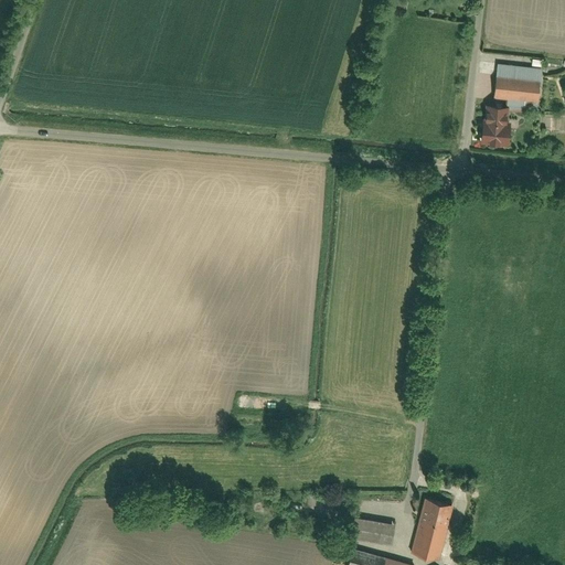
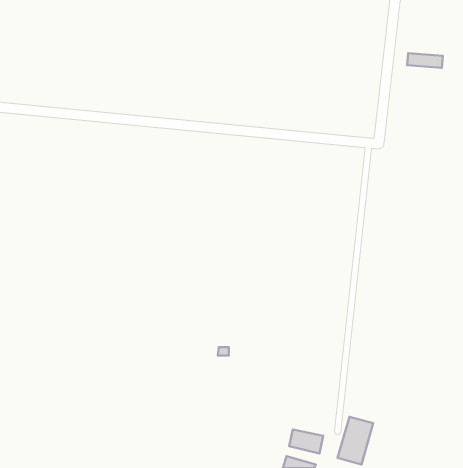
building: [492,85,541,113] -> none
building: [477,119,502,147] -> none

